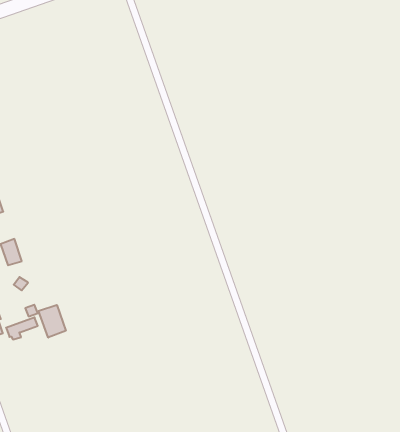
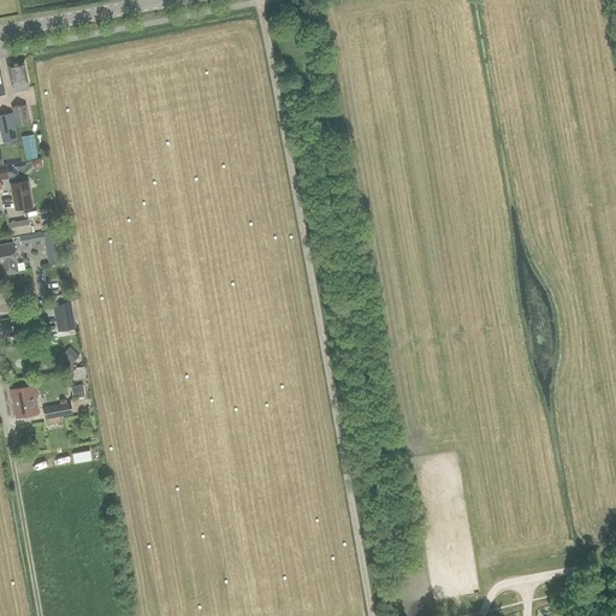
building: [39,305,66,338] -> none

